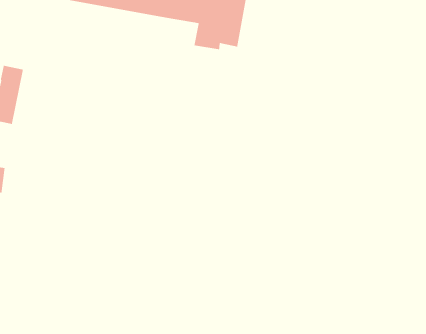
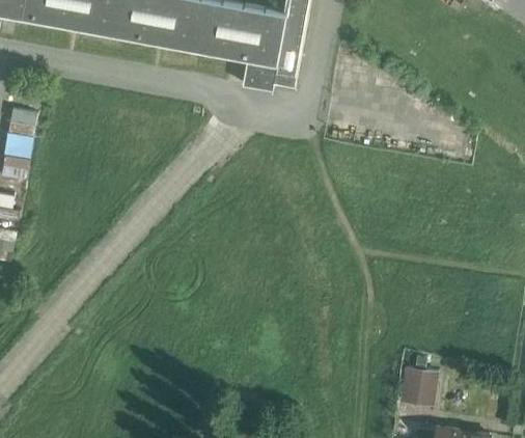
building: none -> [396,365,436,404]

